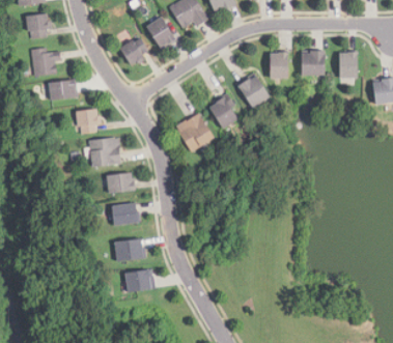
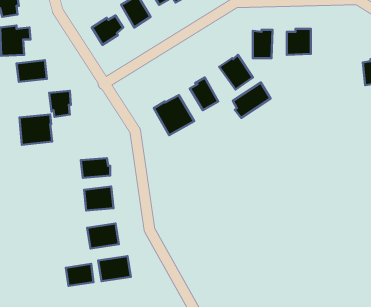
building: [340,51,359,79] -> none
building: none -> [233,82,270,118]
building: [90,138,121,167] -> [19,114,52,145]
building: none -> [66,264,94,286]

